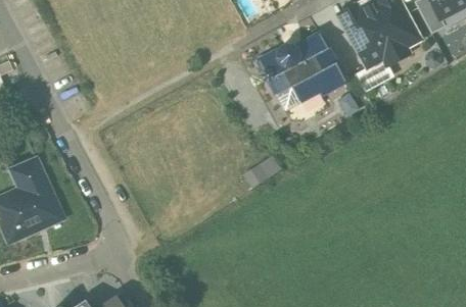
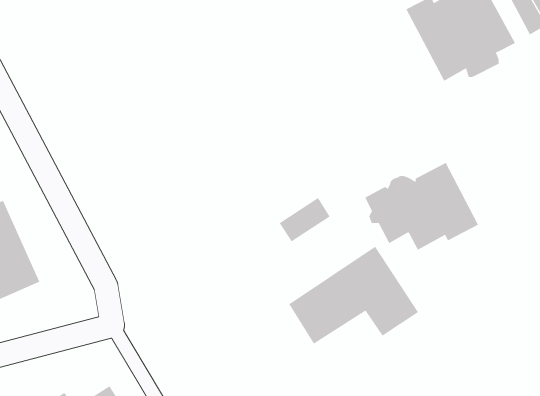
building: [258,34,343,100] -> [364,162,479,251]
building: none -> [289,246,419,345]

